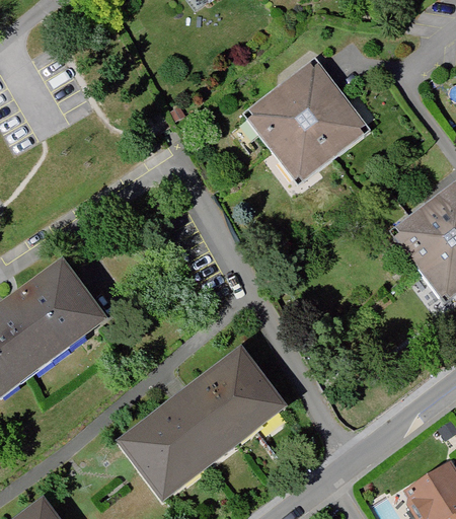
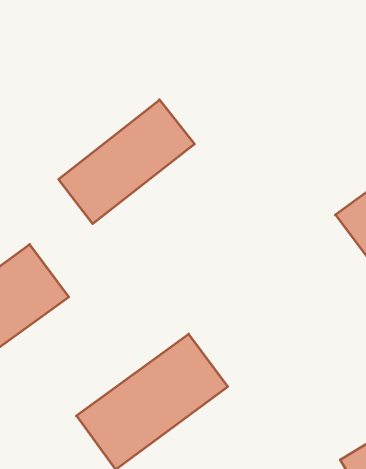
building: [245,56,371,181] -> none
building: none -> [59,100,194,224]

